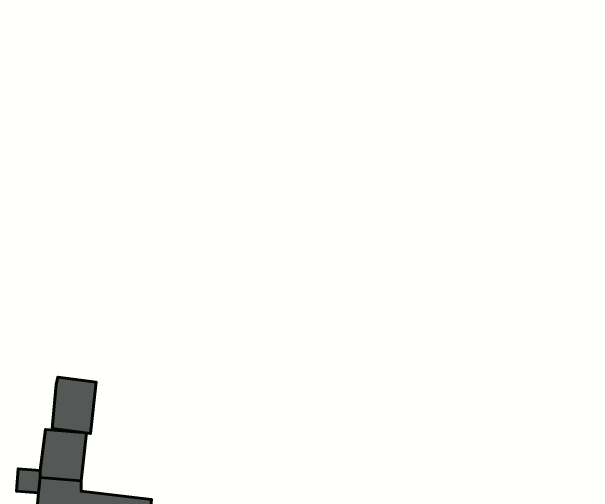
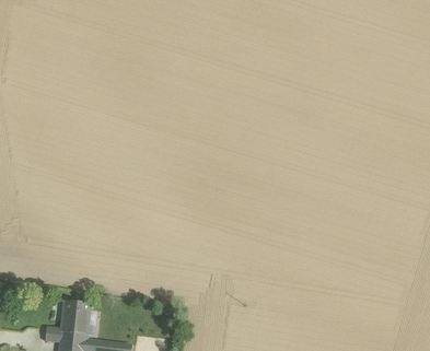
building: [52,377,96,433] -> none

